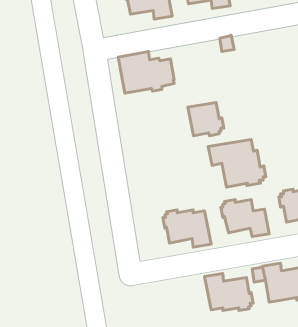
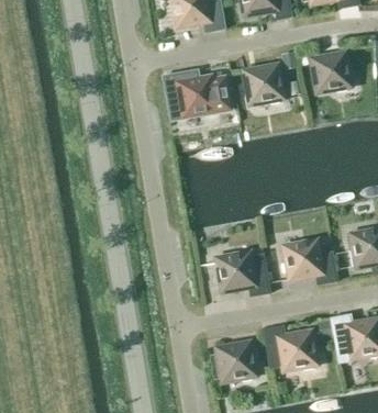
building: none -> [312,52,354,90]
building: [188,103,224,136] -> [245,64,287,102]
building: [208,139,266,187] -> none
building: none -> [210,341,258,379]

